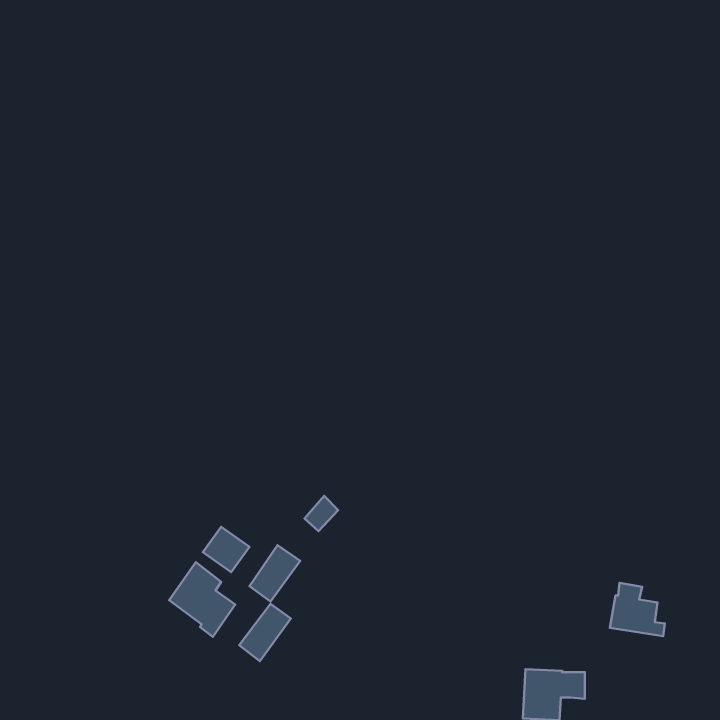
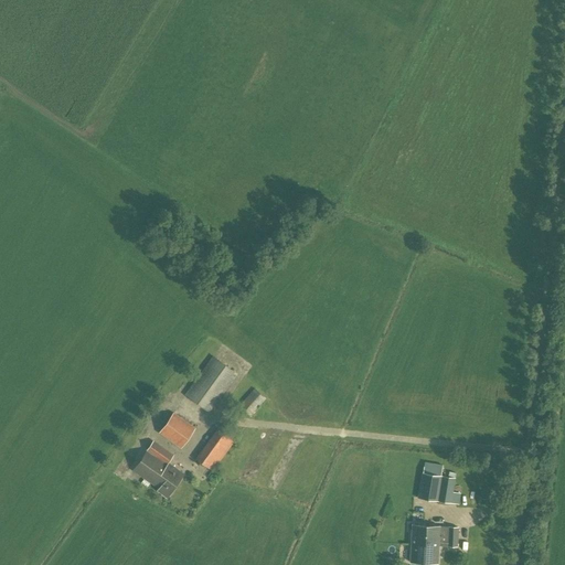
building: none -> [184,355,237,413]
building: [610,583,665,636] -> [417,462,460,504]
building: [239,604,291,661] -> none

